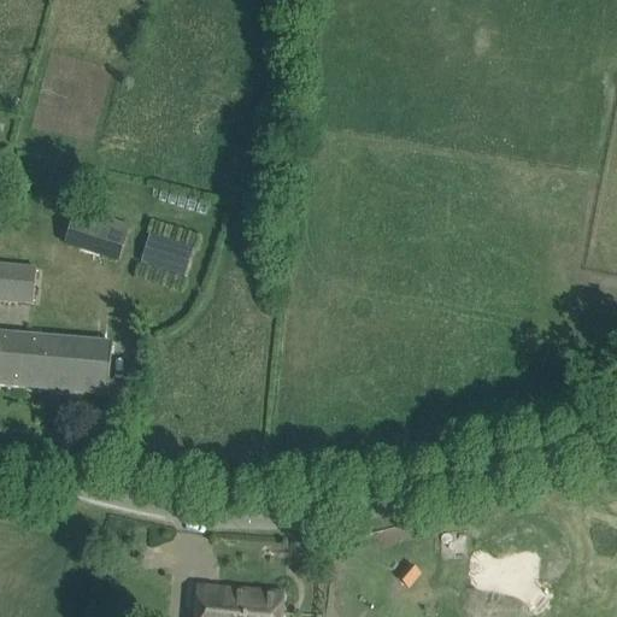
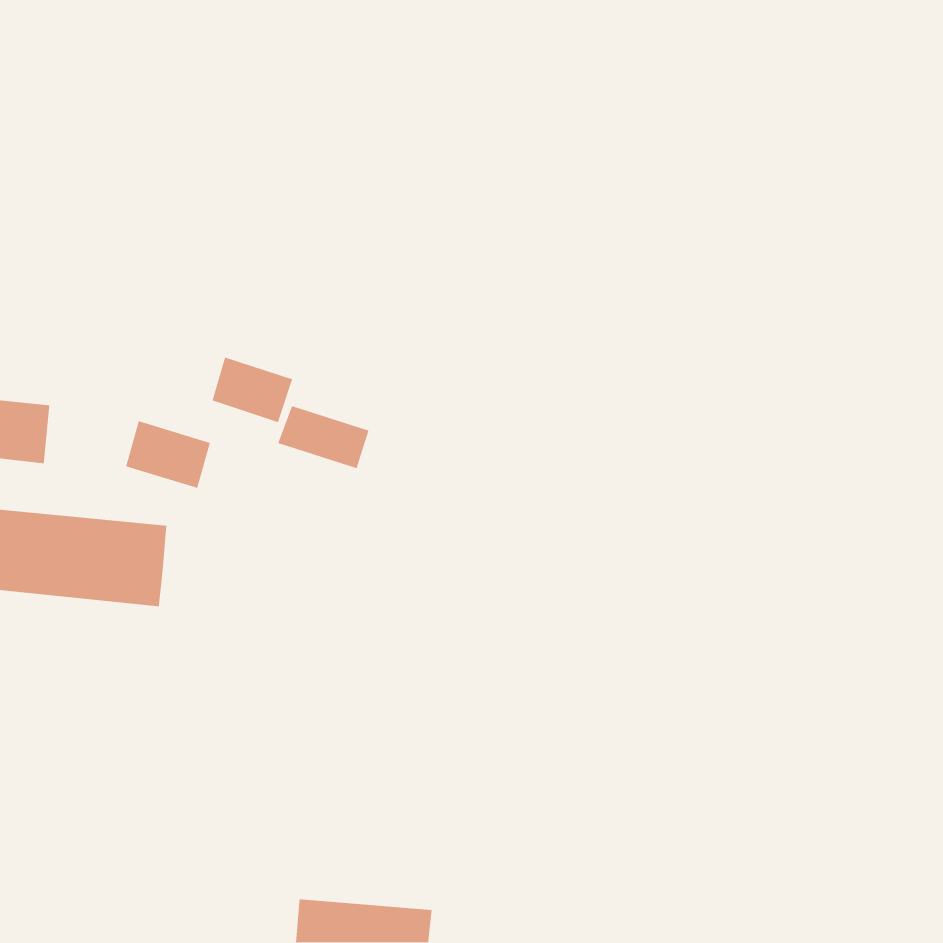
building: [76,208,131,253] -> [125,420,211,489]
building: none -> [277,405,369,469]

